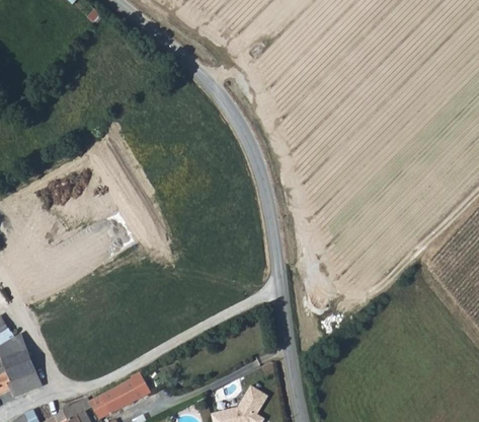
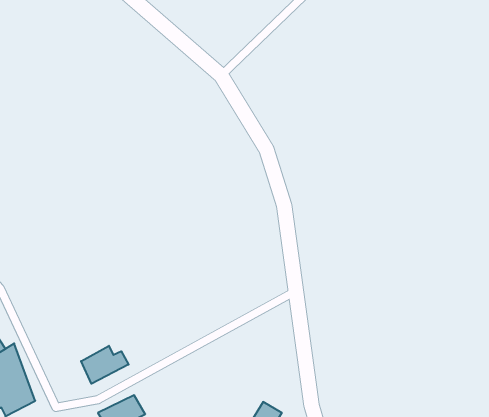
building: none -> [81,346,129,384]

